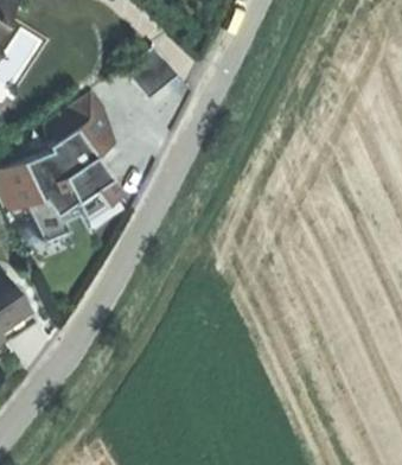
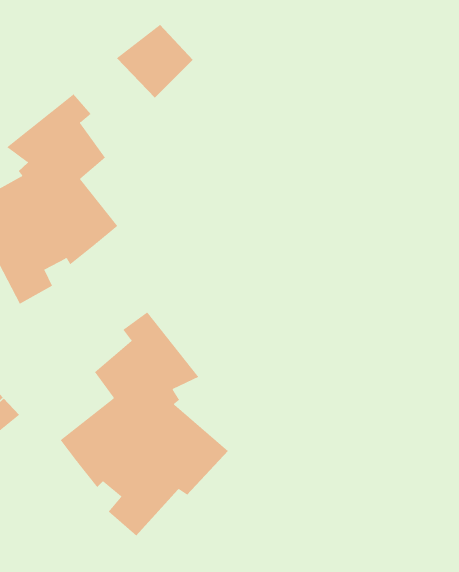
building: none -> [60,312,229,536]

